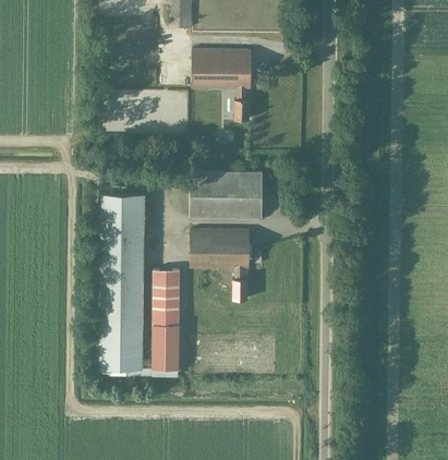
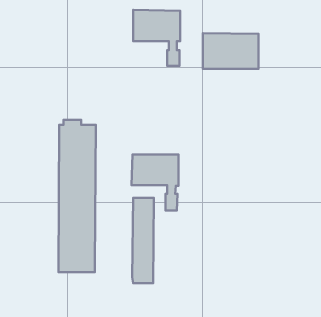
building: [191,170,261,215] -> [203,33,258,69]
building: [152,269,179,376] -> [132,198,154,283]

